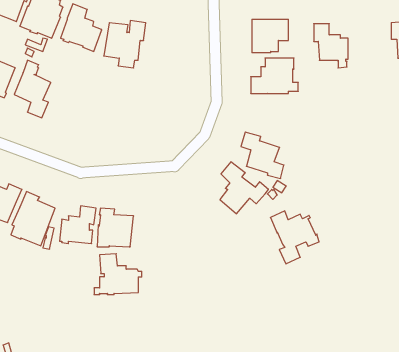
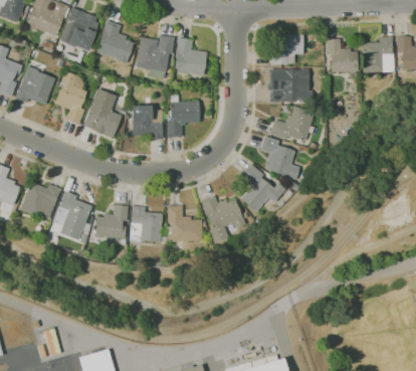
building: none -> [362,36,394,72]
building: none -> [174,38,207,75]
building: none -> [83,88,122,138]
building: none -> [167,95,200,137]
building: none -> [132,106,163,139]
building: none -> [270,107,314,141]
building: [270,211,319,264] -> [201,195,245,243]
building: [94,254,142,295] -> [162,205,205,242]

